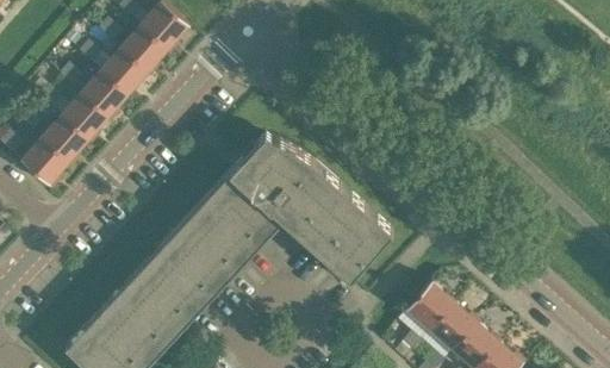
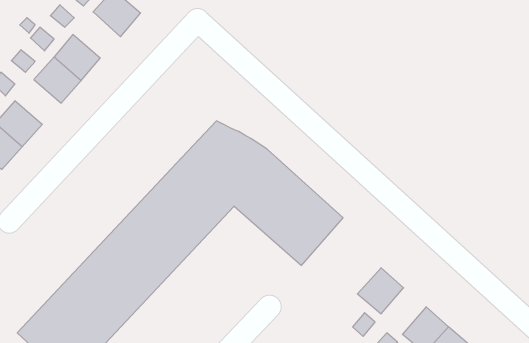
building: [120,25,168,71] -> none
building: [62,93,108,138] -> none
building: [430,302,475,349] -> none

